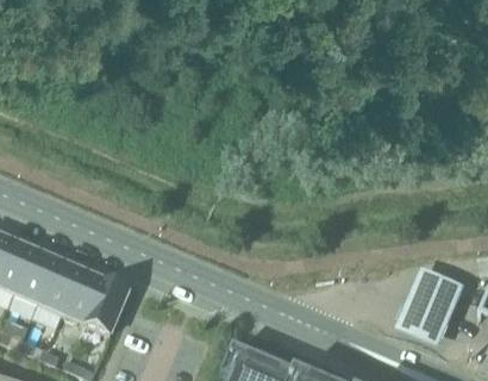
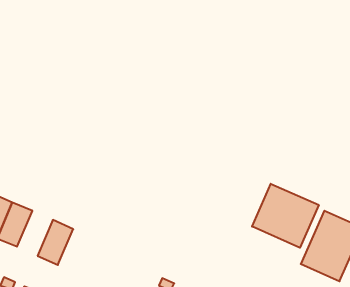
building: none -> [252,184,319,248]
building: [64,266,106,318] -> none

